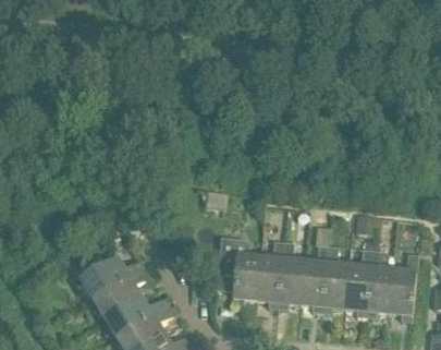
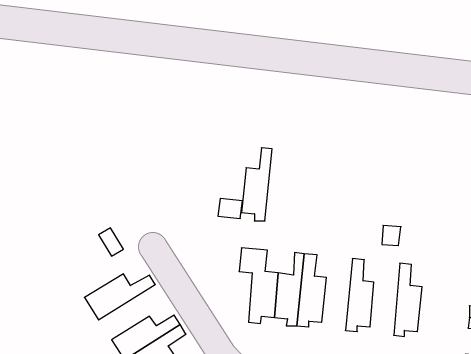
building: [299,243,328,311] -> [241,148,272,221]
building: [344,248,371,315] -> none
building: [388,252,419,321] -> none
building: [94,268,150,319] -> none

